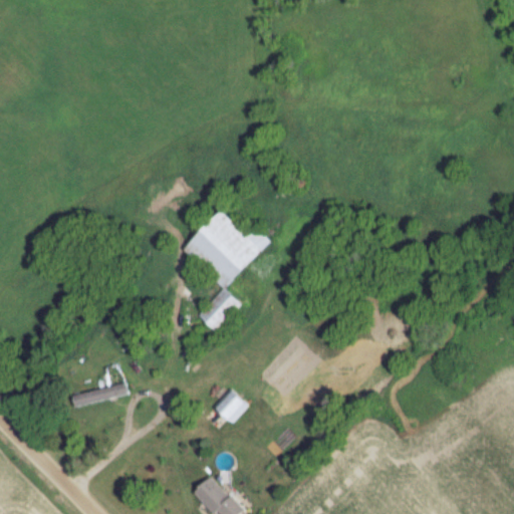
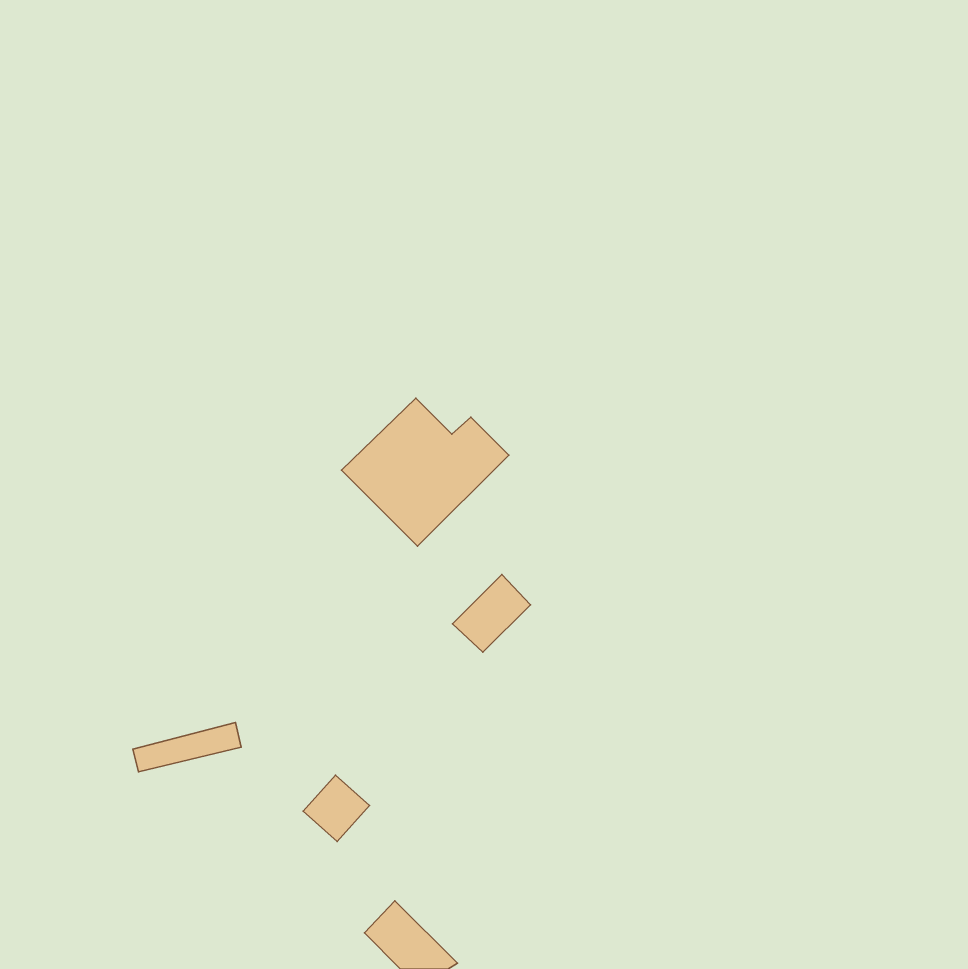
building: [197,289,238,330] -> [453,574,530,652]
building: [213,390,248,425] -> [303,775,370,841]

